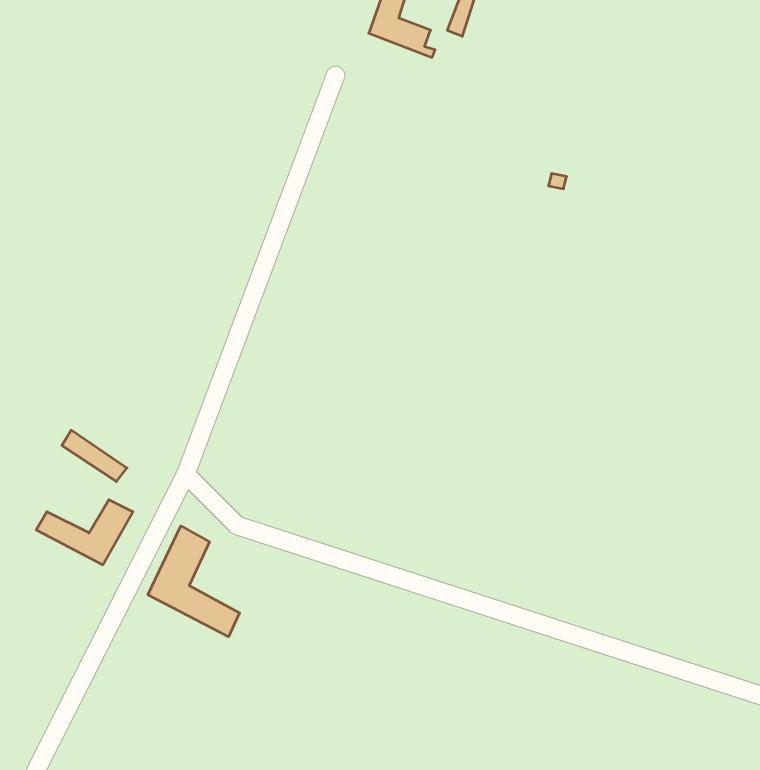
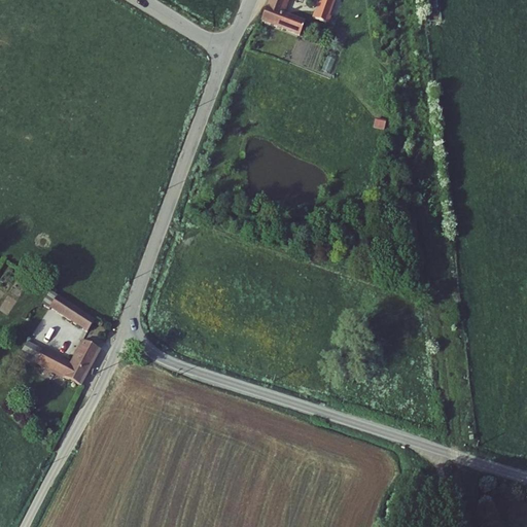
building: [148,526,240,637] -> none

